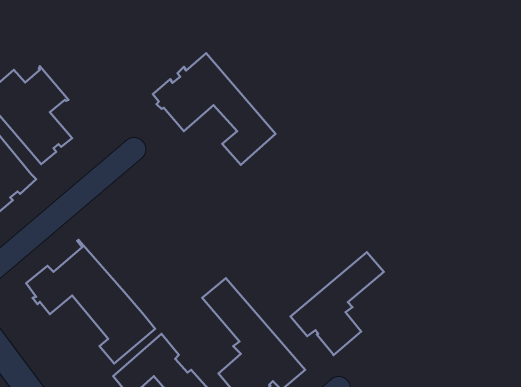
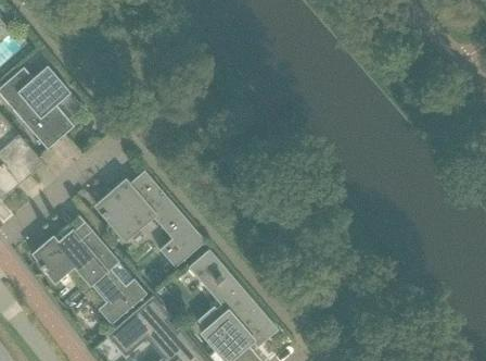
building: [153,53,275,165] -> [98,170,205,267]
building: [290,252,384,355] -> none

